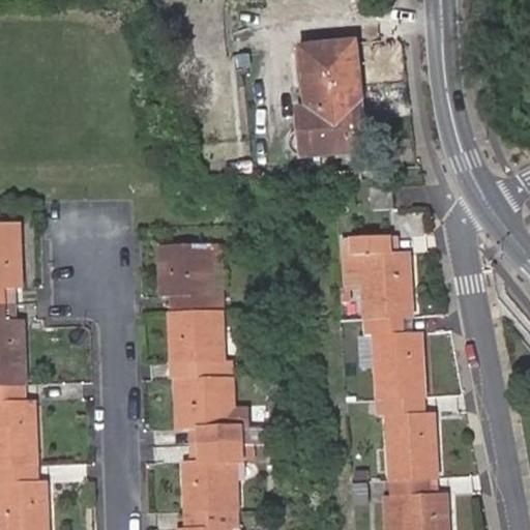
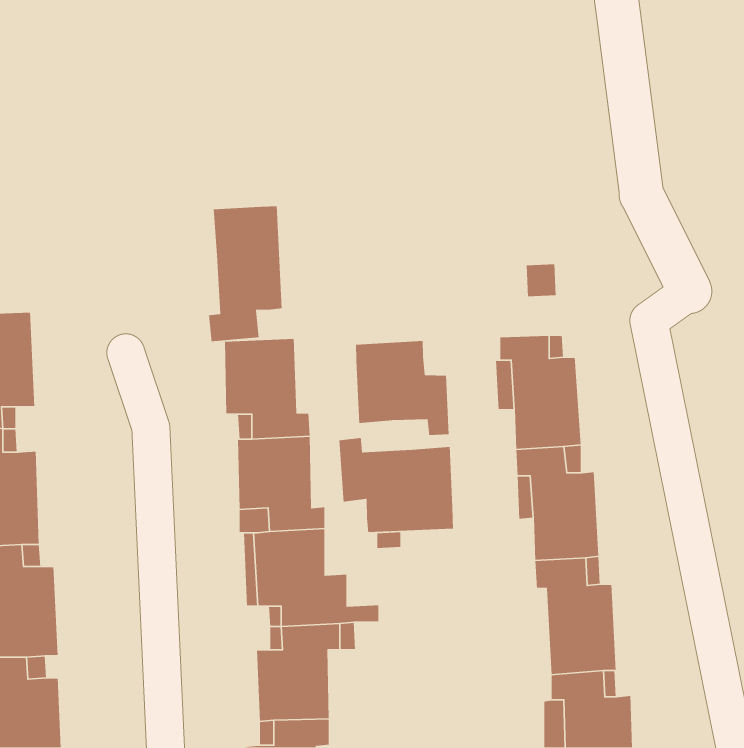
building: [286,40,364,155] -> none
building: none -> [208,205,283,342]
building: none -> [355,340,450,436]
building: none -> [339,437,454,533]

